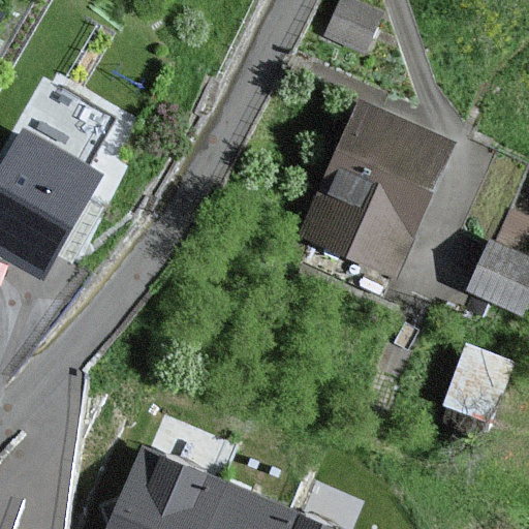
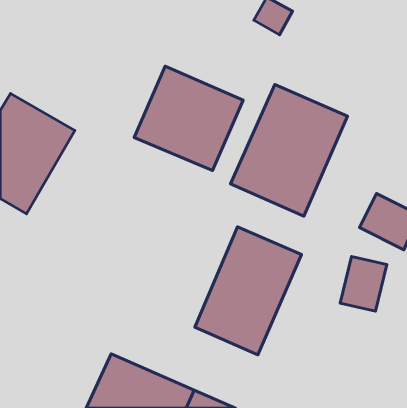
building: none -> [134,66,243,170]
building: none -> [195,227,301,355]

